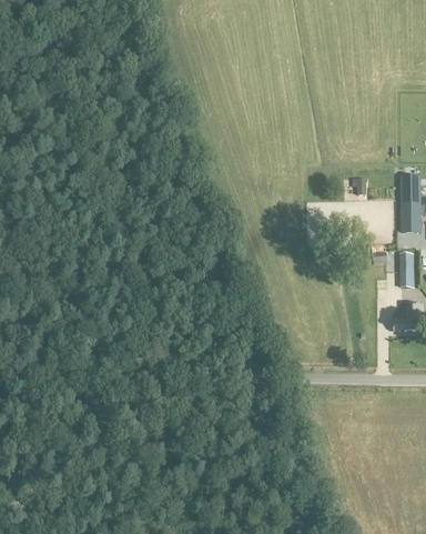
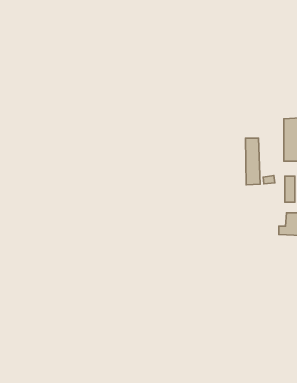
building: none -> [245,138,260,185]

